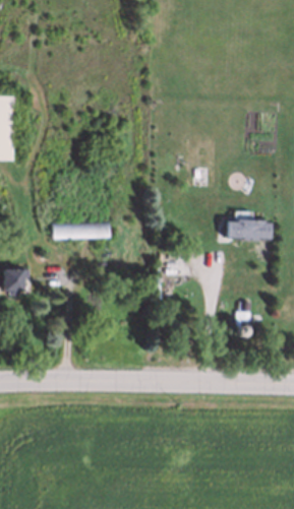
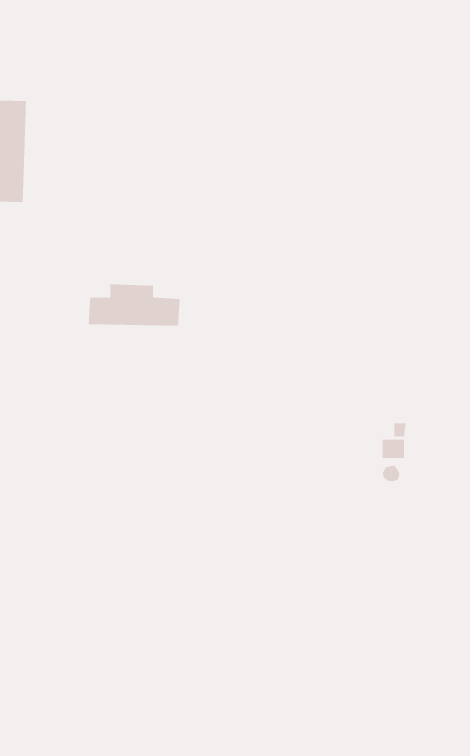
building: [227,221,269,242] -> none
building: [7,268,33,296] -> none

